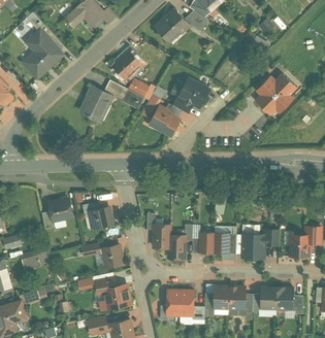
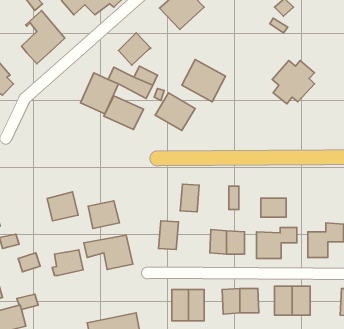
building: none -> [104,96,144,130]
building: none -> [261,198,286,217]
building: [167,234,185,260] -> [180,184,199,212]
building: [103,283,132,307] -> [52,250,83,275]

